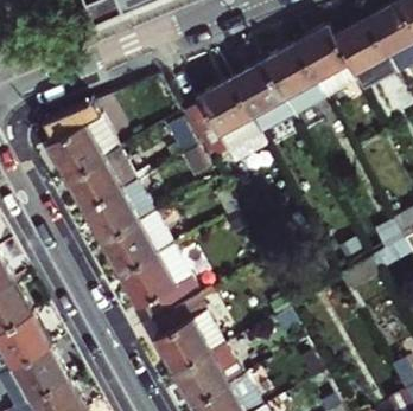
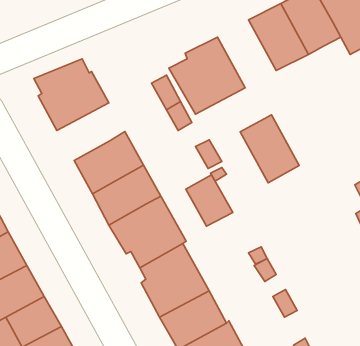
building: [233,60,293,130] -> [240,115,299,183]
building: [68,146,138,205] -> none
building: none -> [186,175,233,226]

